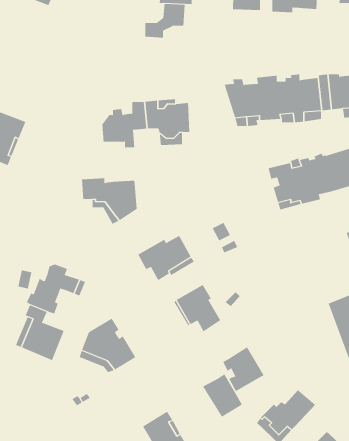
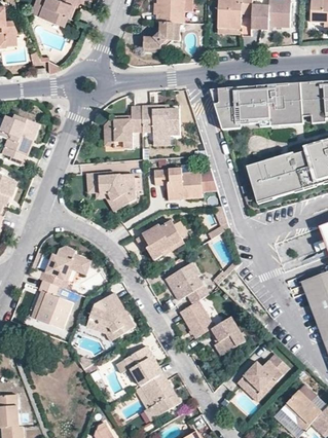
building: none -> [155,169,216,200]
building: [202,373,243,418] -> [179,301,214,339]
building: none -> [123,346,161,387]

